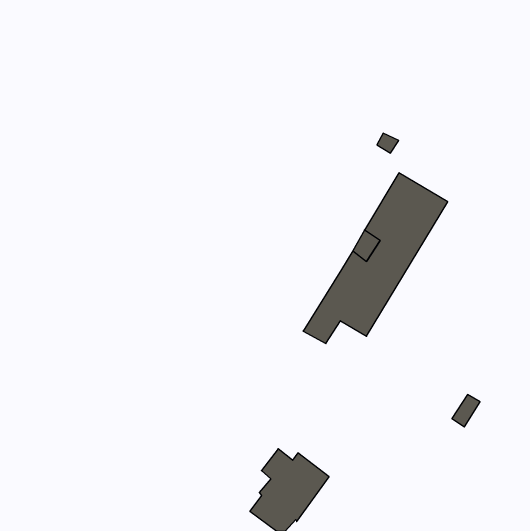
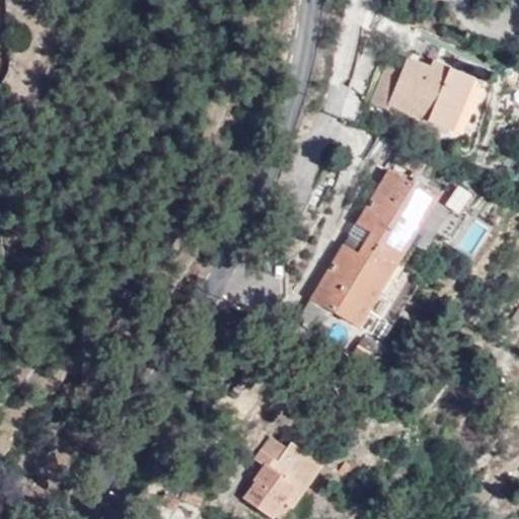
building: none -> [371,59,474,131]

